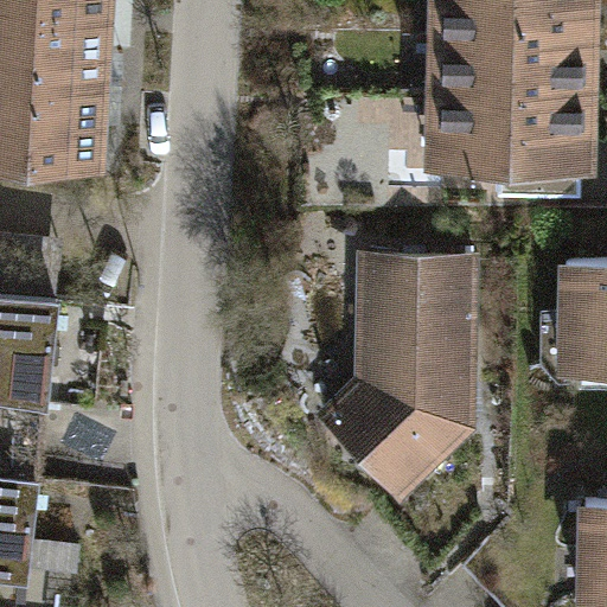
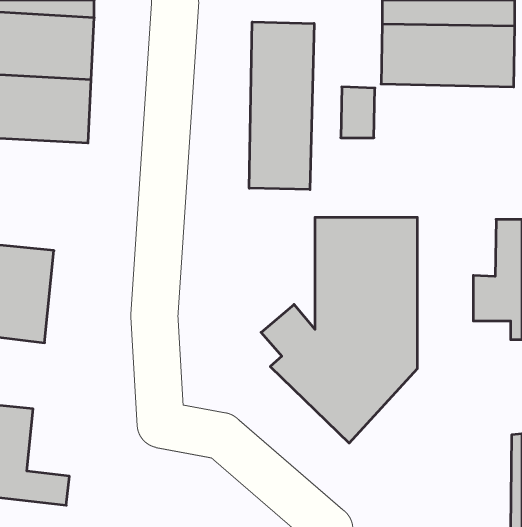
building: none -> [249,22,314,190]
building: [435,98,588,171] -> none

